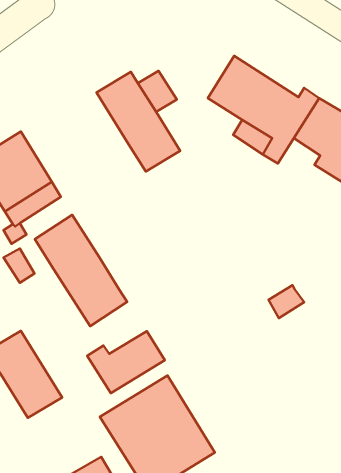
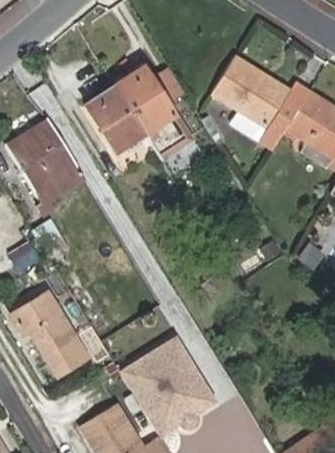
building: none -> [88,87,143,150]
building: [35,215,127,326] -> none
building: [87,331,165,393] -> none

